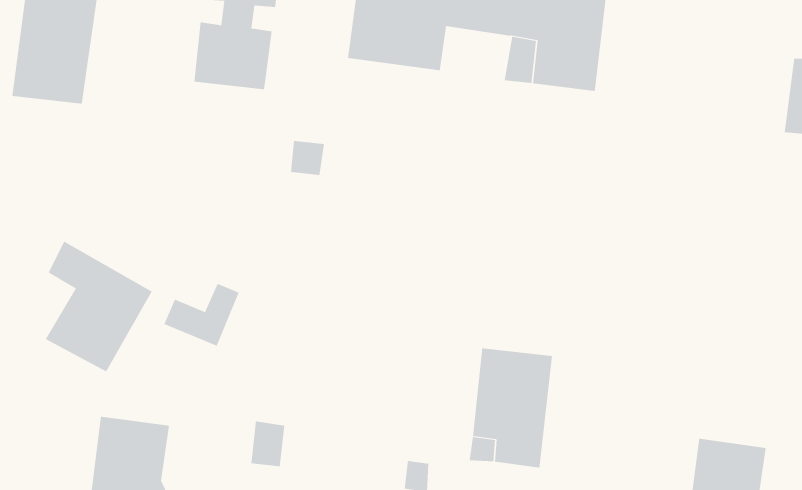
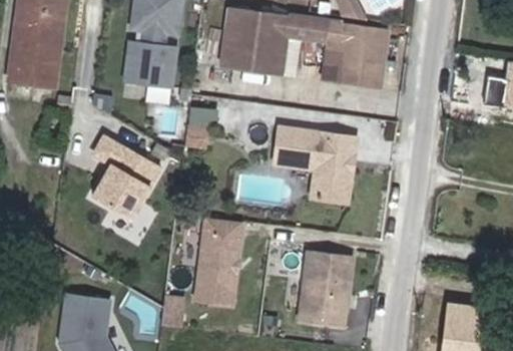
building: none -> [273,126,356,202]
building: [45,241,152,372] -> [91,133,159,217]
building: none -> [194,216,241,304]

